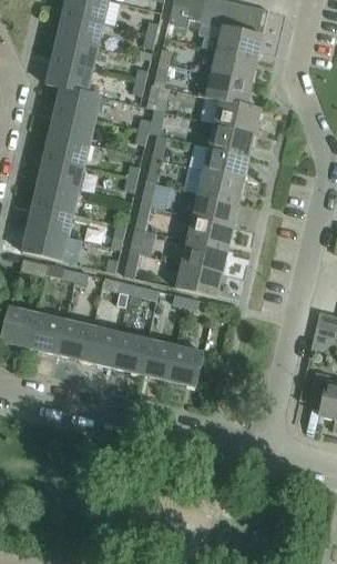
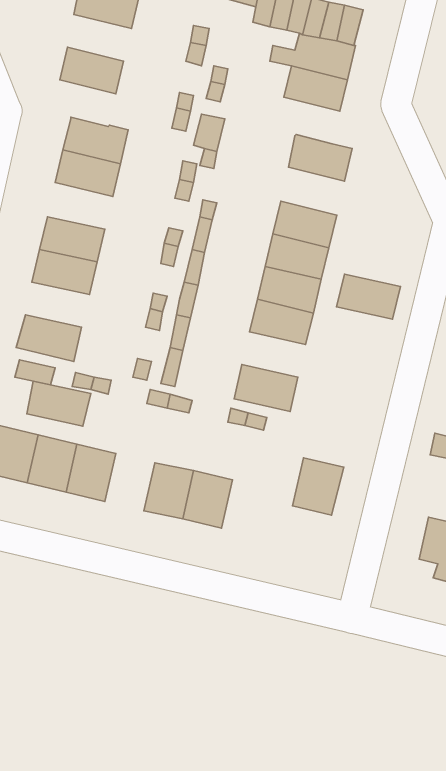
building: [58,13,103,47] -> none
building: [45,60,92,93] -> none
building: [196,70,252,105] -> none
building: [210,122,255,157] -> none
building: [43,133,90,167] -> none
building: [28,204,73,236] -> [27,381,91,426]
building: [182,240,227,272] -> [337,274,400,319]
building: [84,326,120,367] -> none
building: [167,345,204,386] -> [293,458,344,515]

